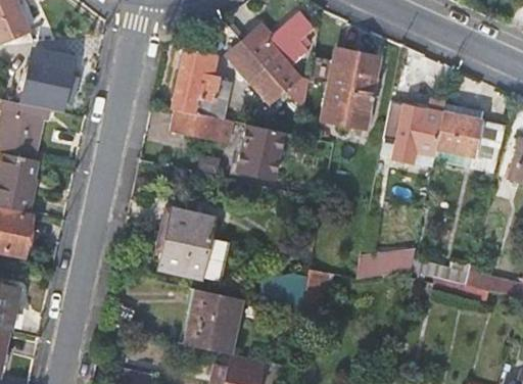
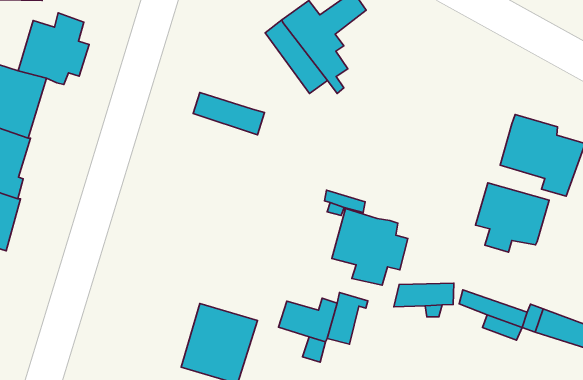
building: [322,49,380,127] -> none
building: [171,50,229,119] -> none
building: [383,103,443,160] -> [476,183,549,252]
building: [238,125,281,177] -> none
building: none -> [332,209,408,285]
building: [154,208,231,281] -> none

